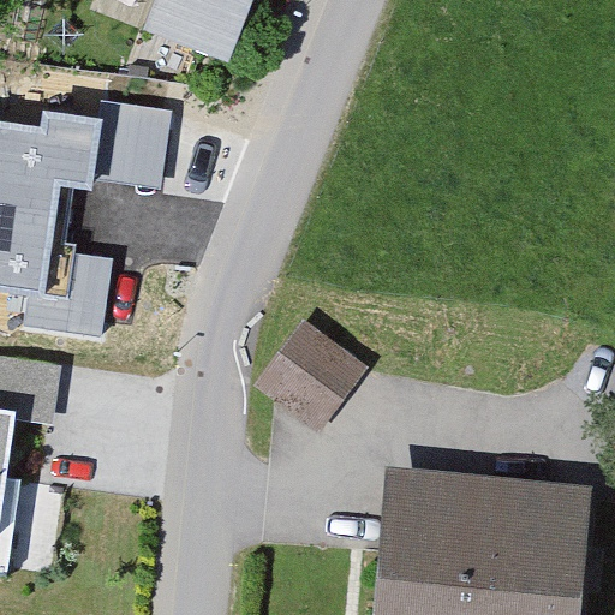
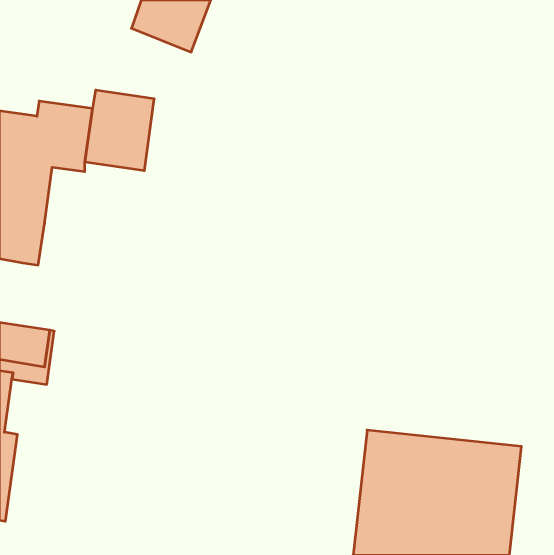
building: [19,247,115,341] -> none
building: [261,323,363,425] -> none

